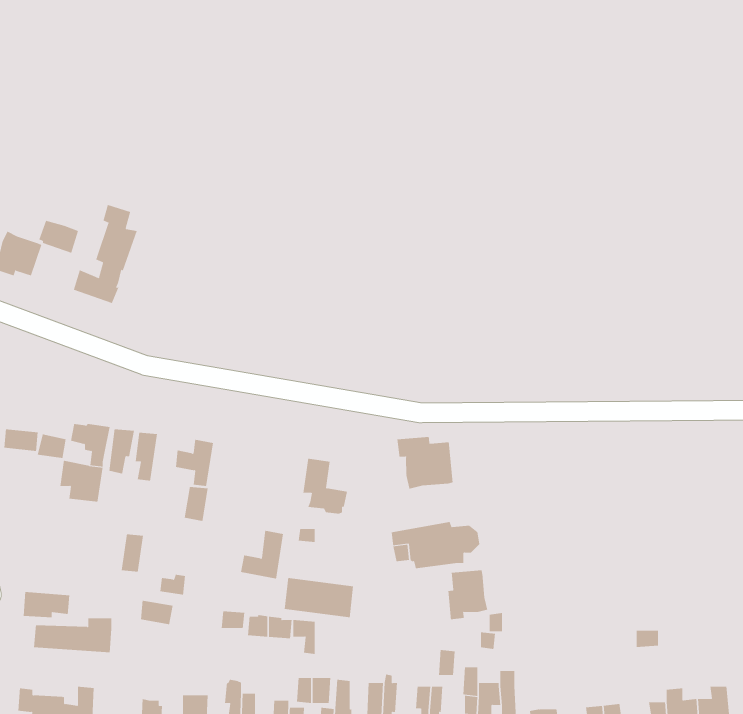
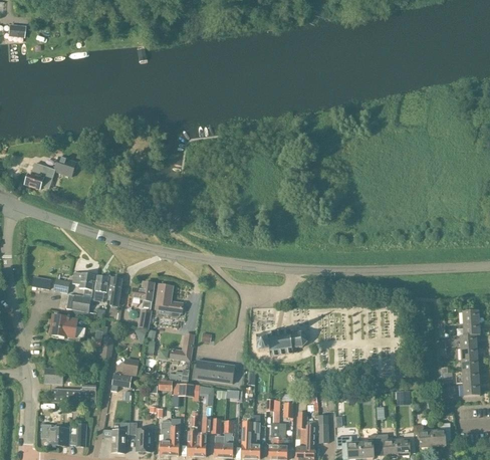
building: [73,204,137,304] -> none
building: [397,436,453,490] -> none
building: [302,458,348,514] -> [157,284,183,316]
building: none -> [51,315,77,337]
building: [448,570,488,620] -> none

